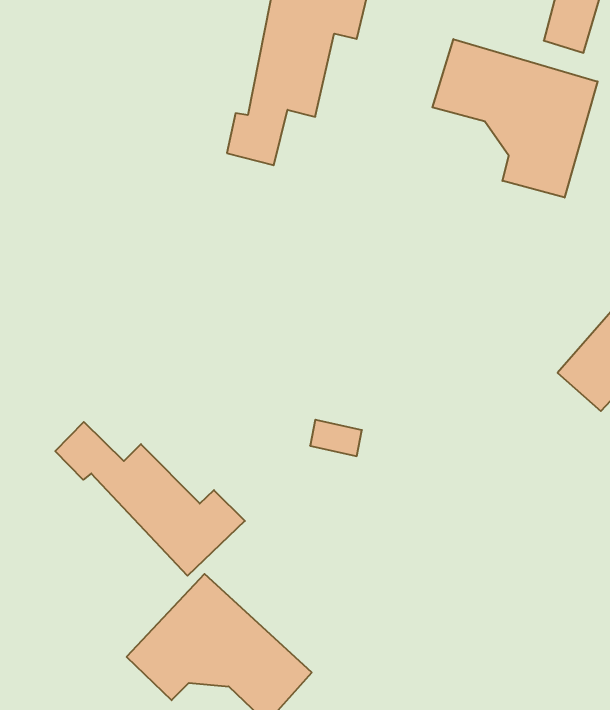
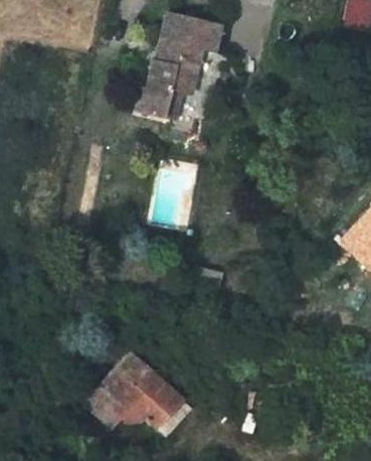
building: [432,39,598,198] -> none
building: [55,422,245,576] -> none

